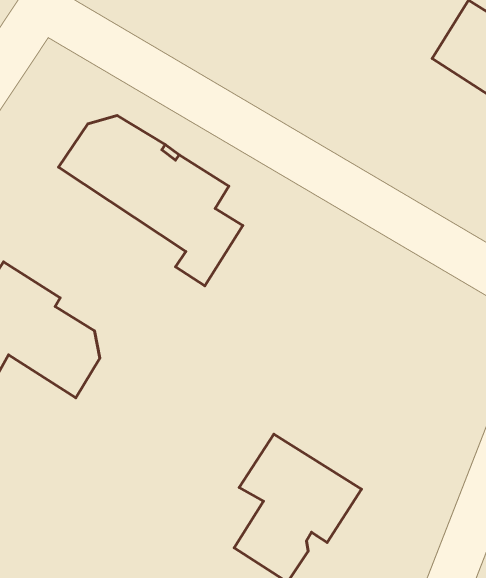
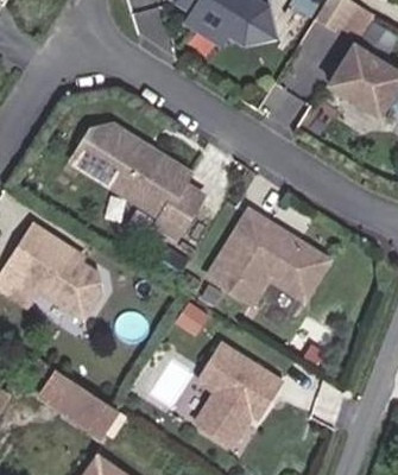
building: none -> [211,210,331,303]
building: none -> [44,376,108,435]

